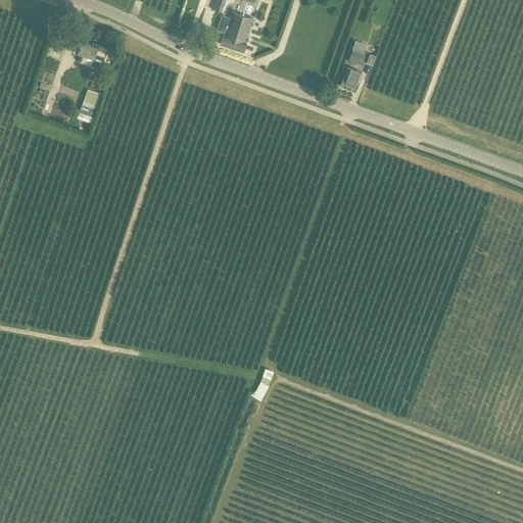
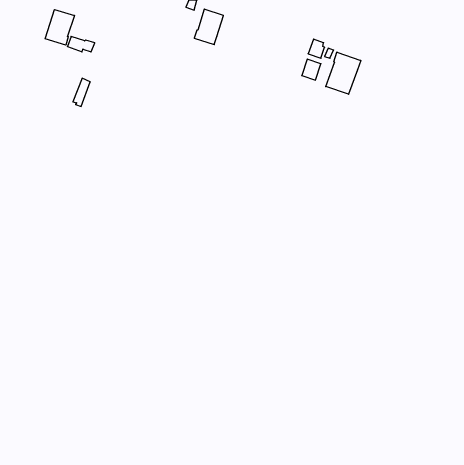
building: none -> [45,10,74,45]
building: none -> [326,52,361,94]

